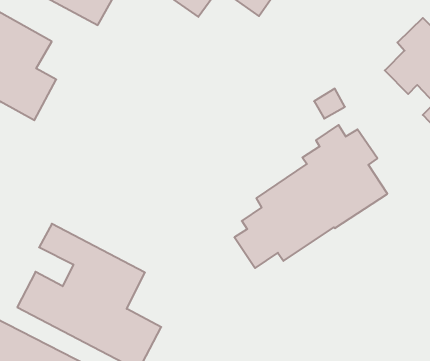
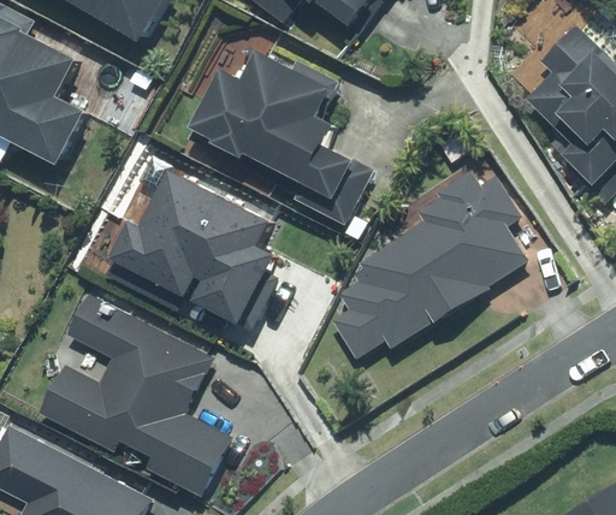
building: none -> [199,52,369,217]
building: none -> [114,168,282,324]

